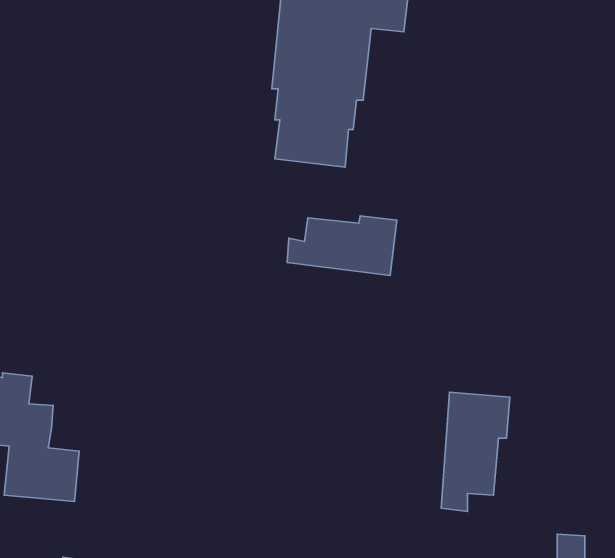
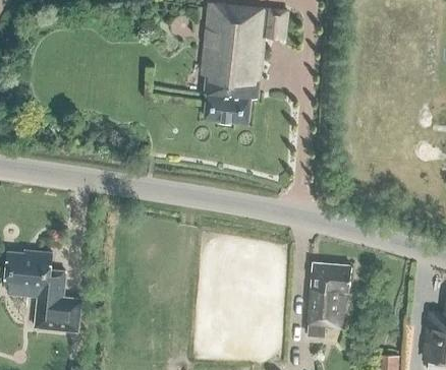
building: [287,216,397,275] -> none

